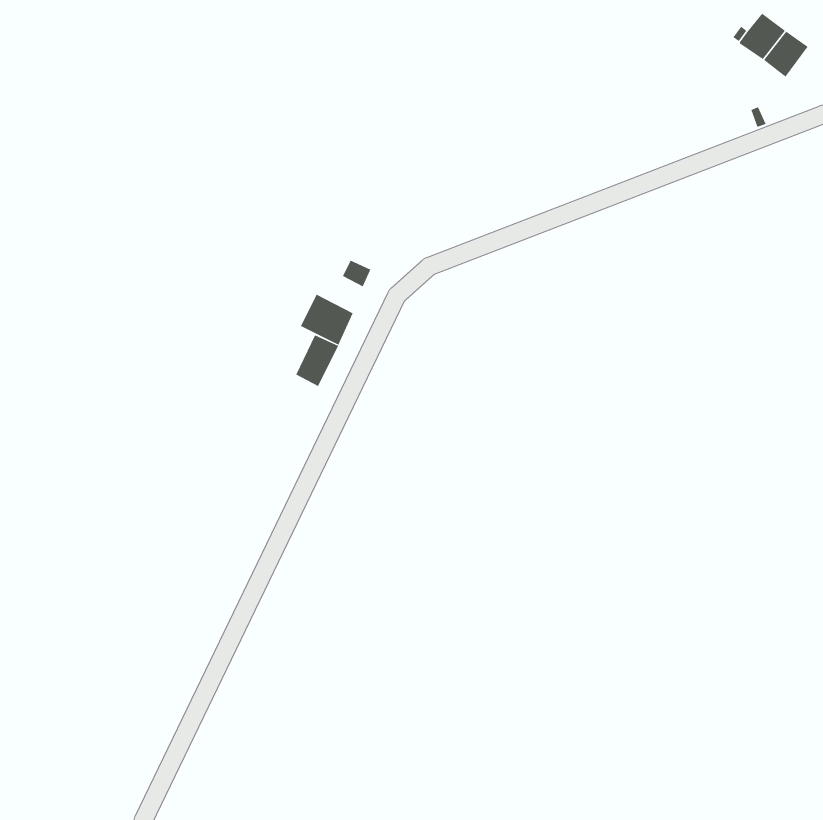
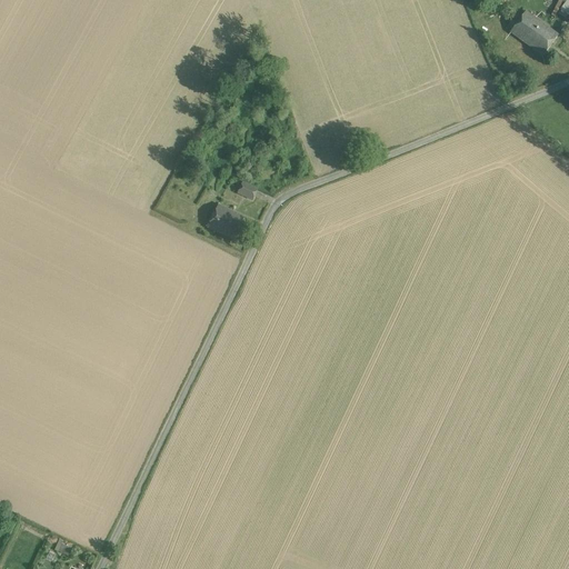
building: [296,335,339,387] -> none

